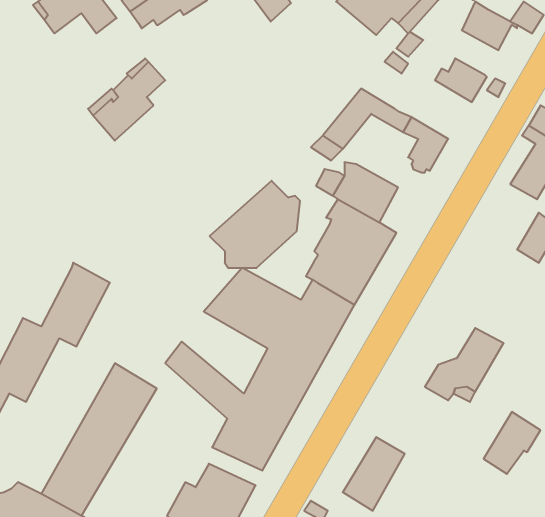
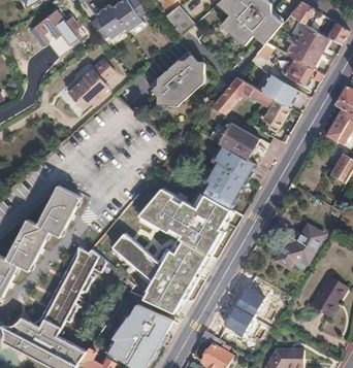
building: none -> [287,39,320,68]
building: none -> [259,75,297,107]
building: [210,181,300,268] -> [147,49,202,103]

